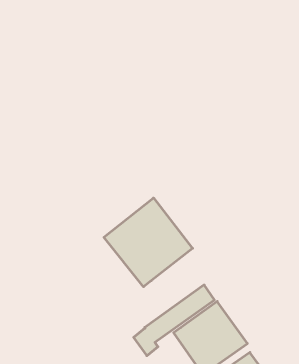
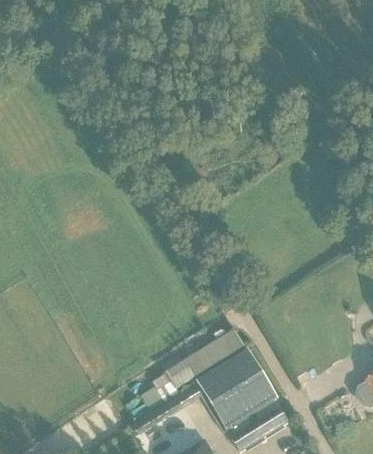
building: [104,198,193,287] -> none

